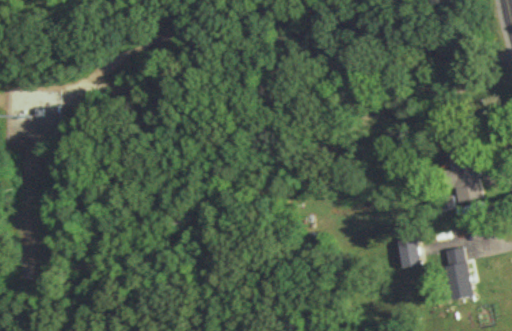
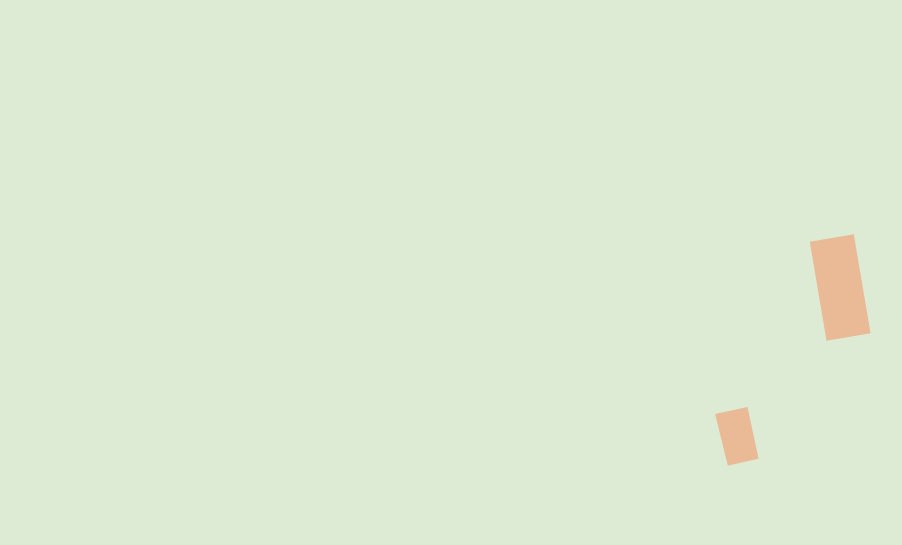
building: [443,246,472,300] -> none

